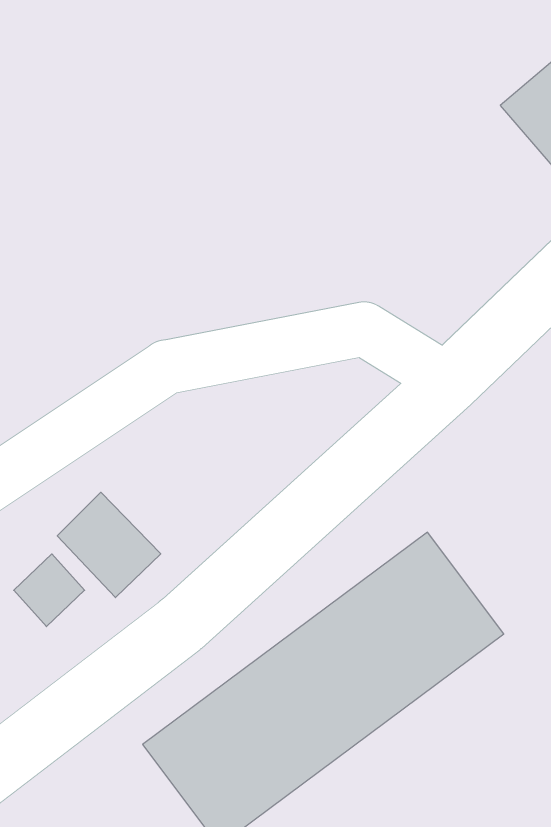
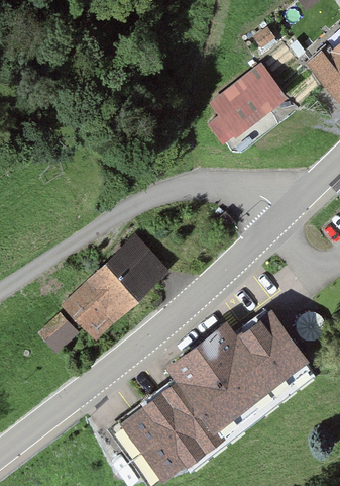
building: none -> [208,65,287,145]
building: none -> [88,236,169,316]

